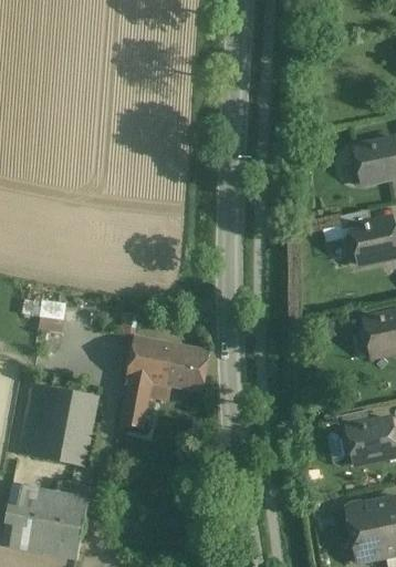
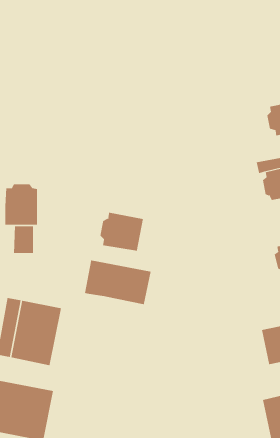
building: none -> [5,183,37,225]
building: none -> [100,212,143,252]
building: [122,379,152,429] -> none

